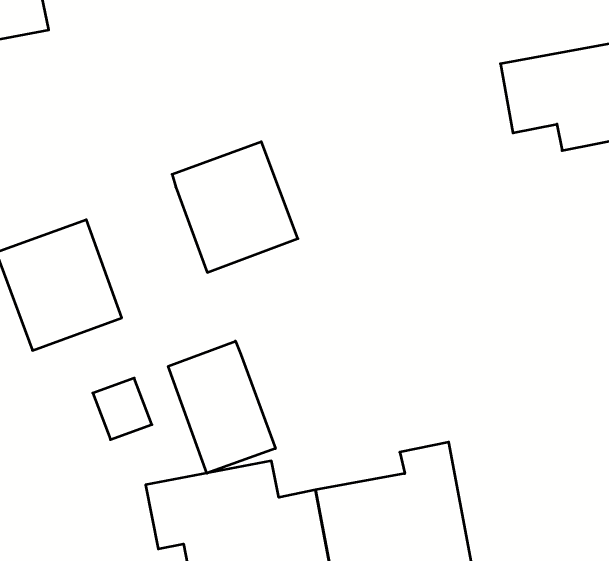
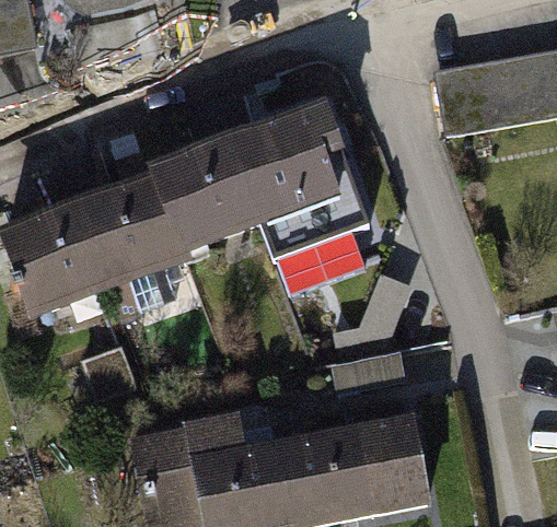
building: none -> [231,107,375,242]
building: none -> [79,175,188,289]
building: [168,341,275,473] -> none

